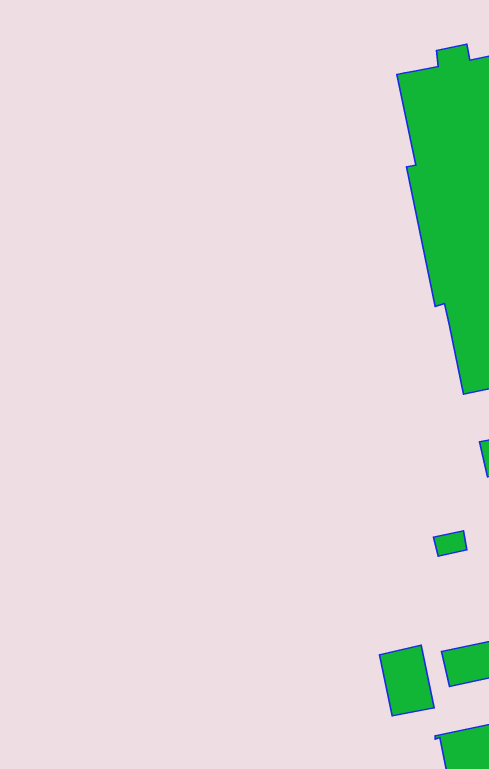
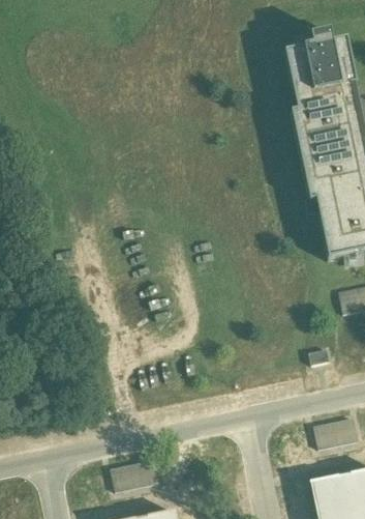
building: [380,645,434,716] -> none
building: none -> [111,461,154,492]

